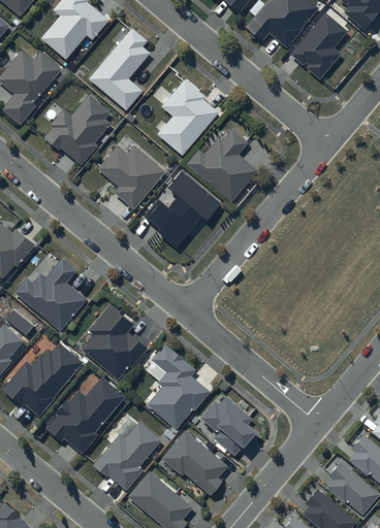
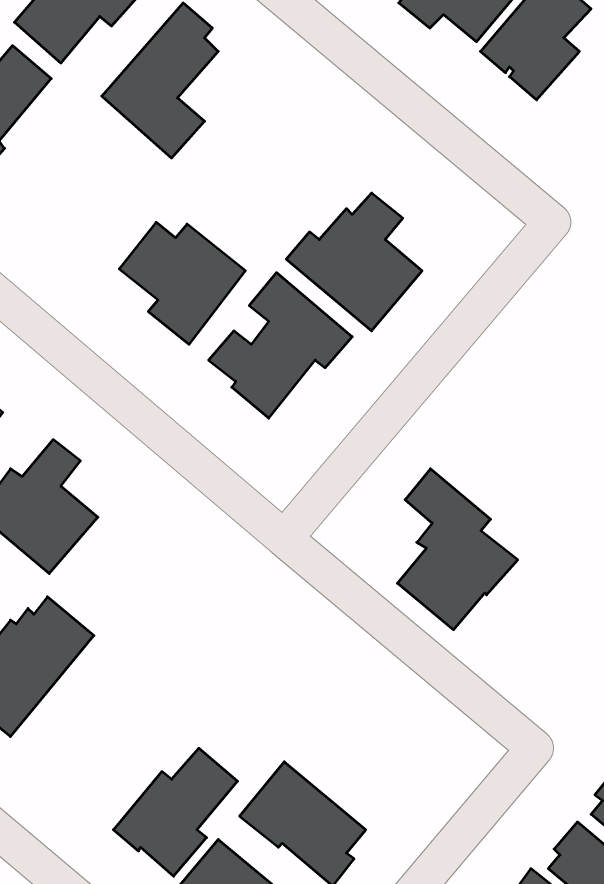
building: [157,77,219,154] -> none
building: [44,95,112,165] -> none
building: [82,304,148,380] -> none
building: [147,343,211,429] -> [397,469,518,630]
building: [46,377,126,454] -> none
building: [201,397,257,456] -> none

